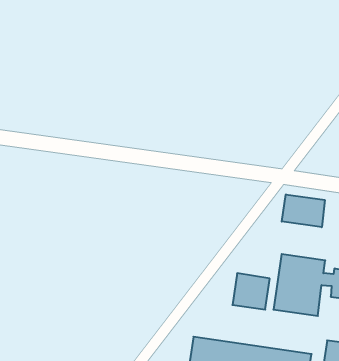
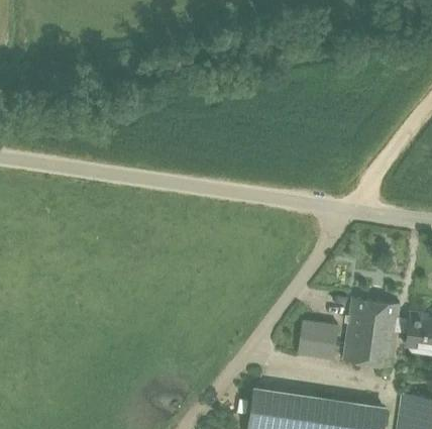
building: [282,194,325,227] -> none

